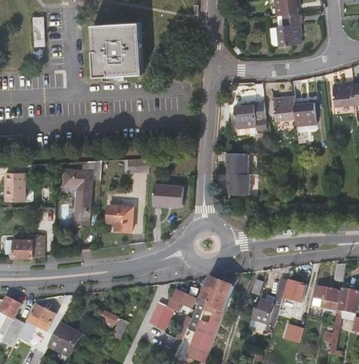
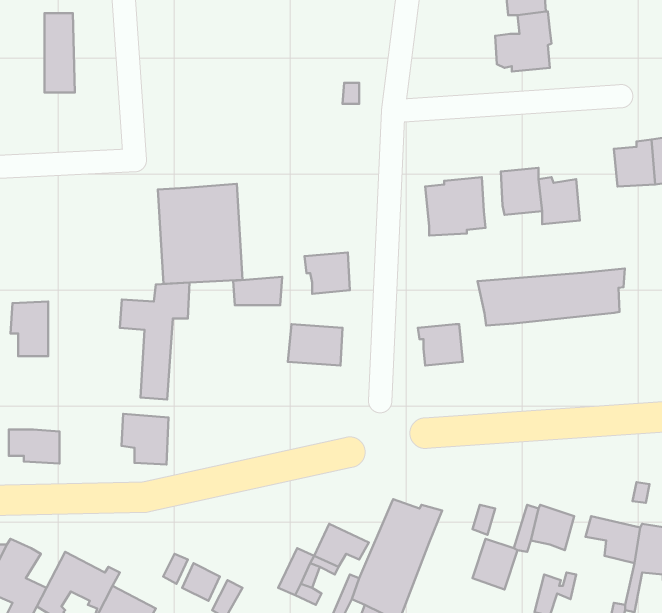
building: [97,22,142,75] -> [158,184,243,284]
building: none -> [477,269,625,326]
building: [220,162,244,185] -> [304,252,350,294]
building: [109,204,134,231] -> [121,414,168,465]

